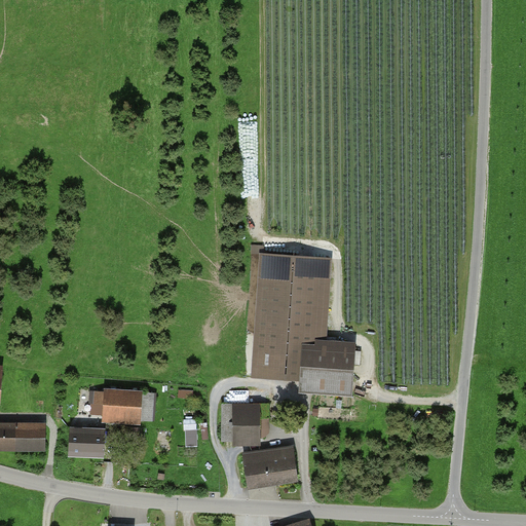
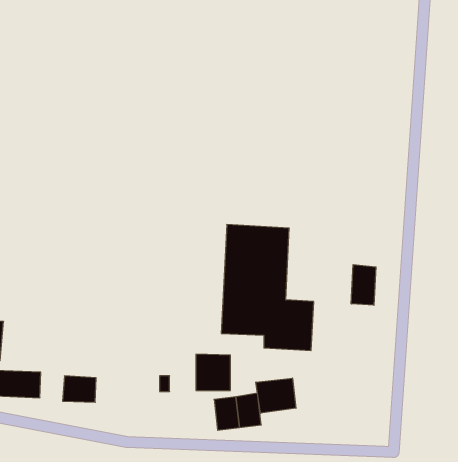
building: none -> [351,265,376,305]
building: [95,386,144,421] -> none
building: none -> [256,378,296,413]

